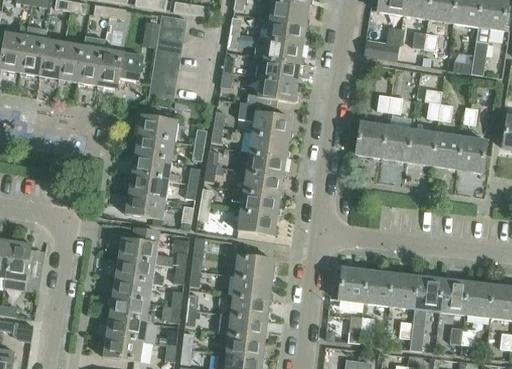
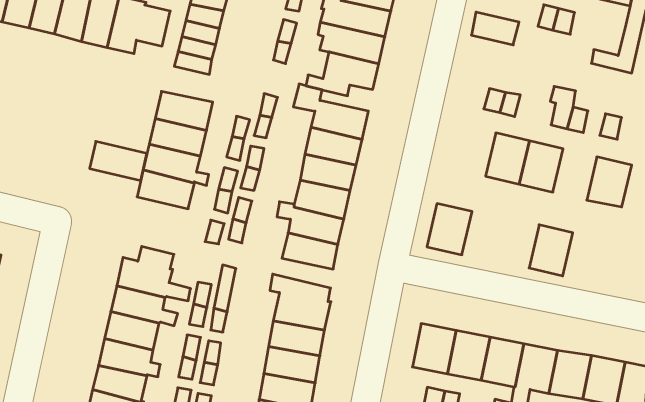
building: [355,121,386,157] -> [427,204,472,255]
building: [431,133,461,169] -> [529,225,573,276]
building: [125,191,166,217] -> [90,141,147,180]

